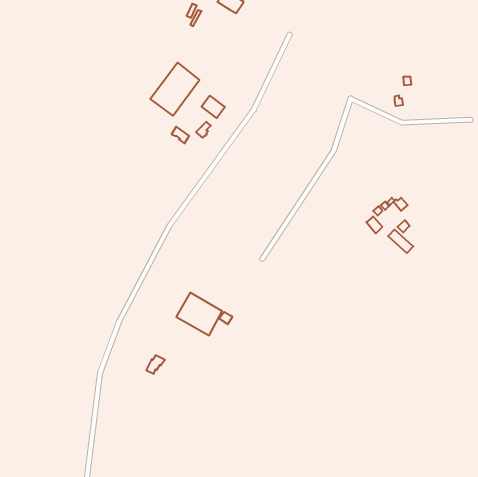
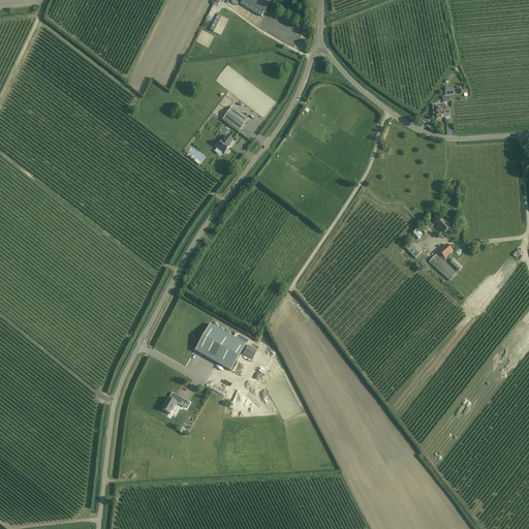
building: [150,63,199,116] -> none

